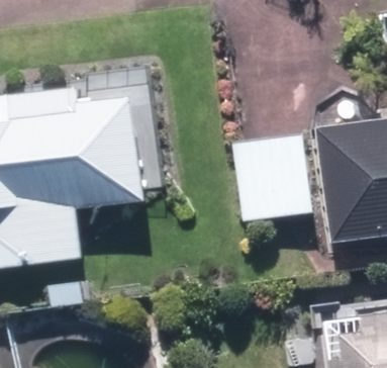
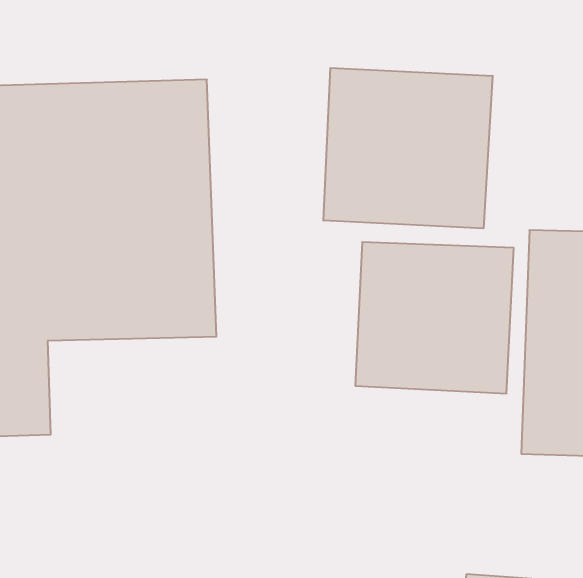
building: none -> [324,68,493,228]

